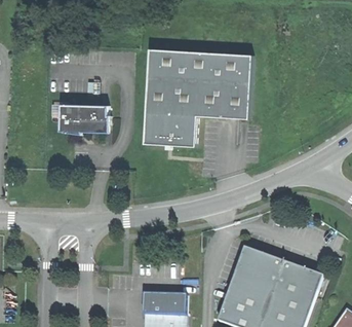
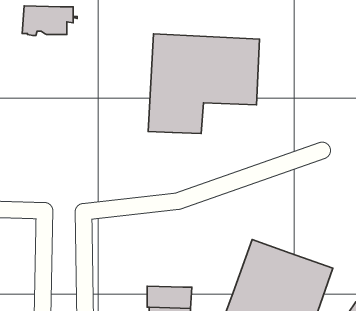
building: [58,105,112,134] -> [22,6,77,36]

